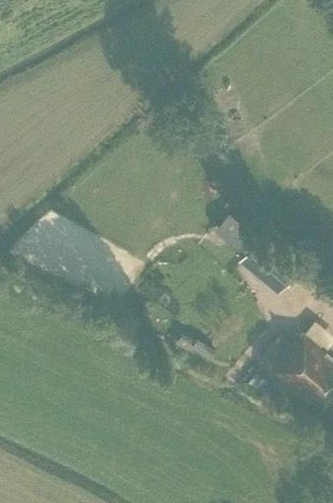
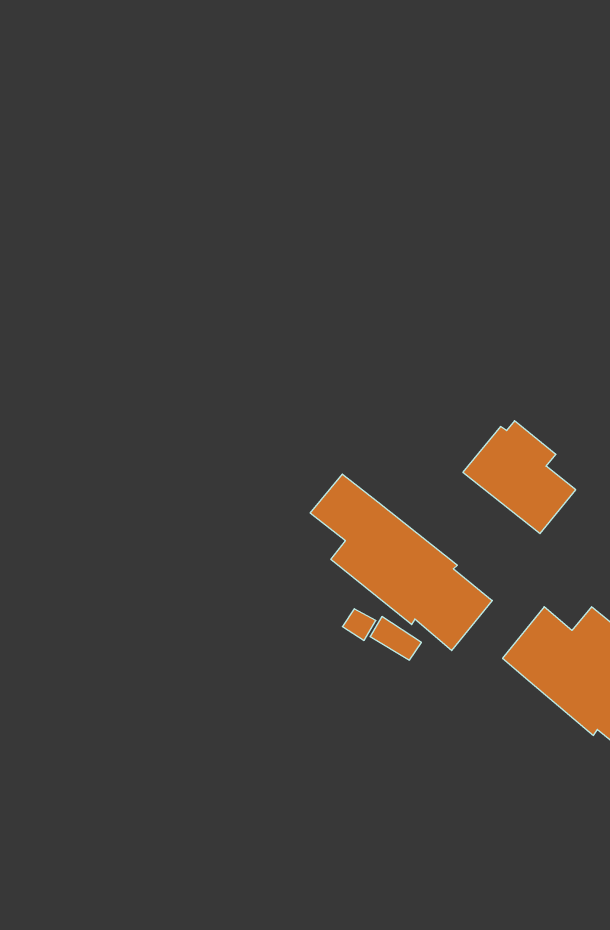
building: none -> [310,474,492,651]

